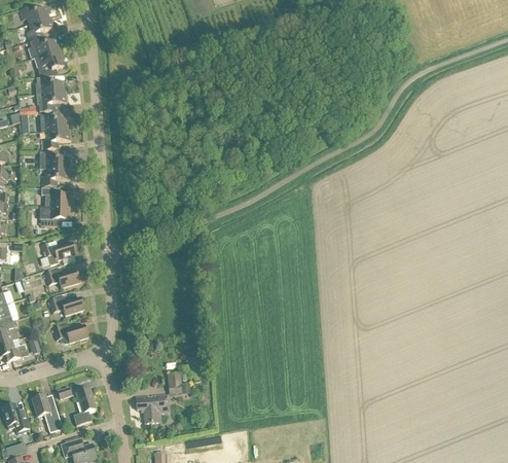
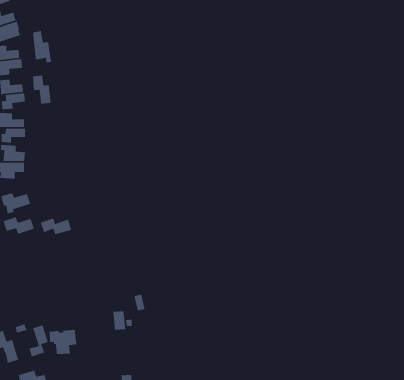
building: none -> [32,30,52,63]
building: none -> [32,75,51,104]
building: [48,294,84,314] -> [40,218,72,235]
building: [52,322,88,343] -> none
building: [136,393,168,422] -> [49,329,77,355]

